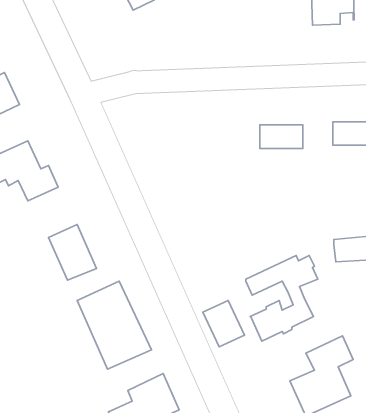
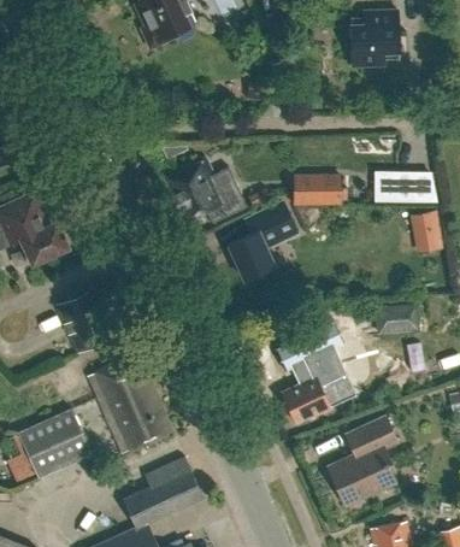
building: none -> [164,160,225,223]
building: none -> [228,202,296,281]
building: [203,300,244,347] -> none
building: none -> [7,398,82,467]

